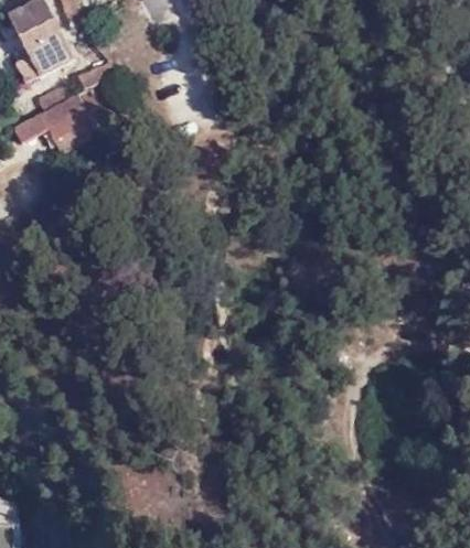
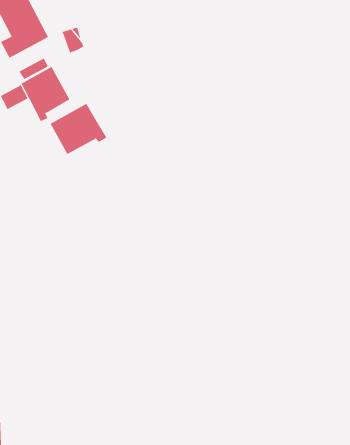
building: none -> [50,103,107,155]

